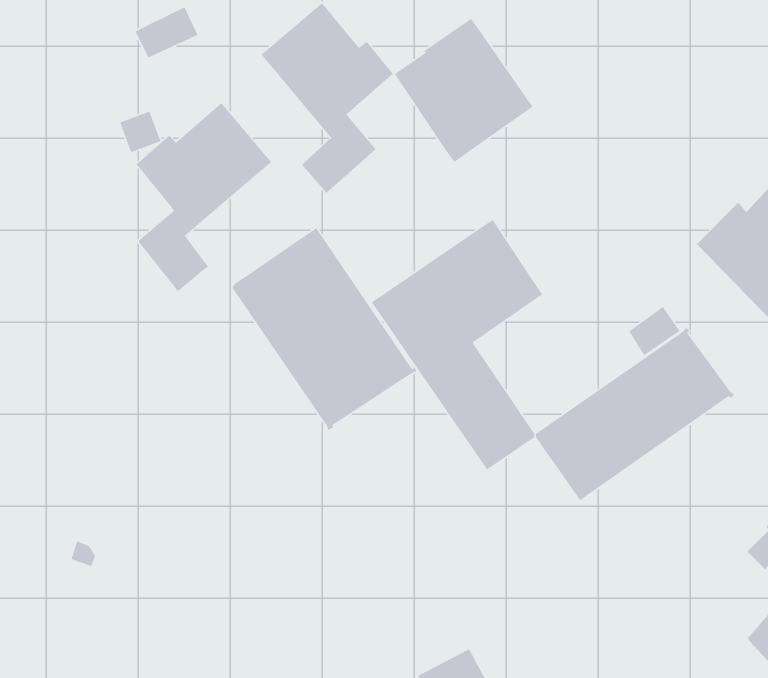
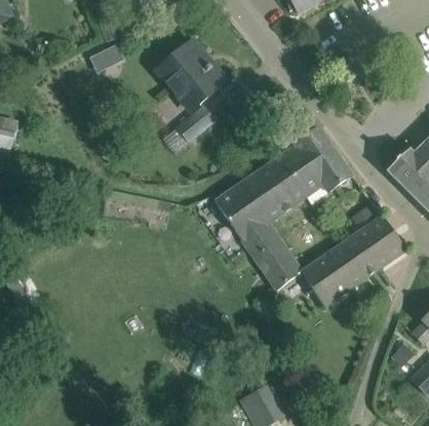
building: [394,18,533,163] -> [279,126,353,203]
building: [136,102,272,292] -> none
building: [232,227,417,431] -> none

